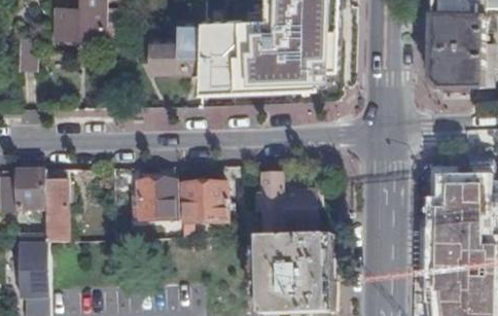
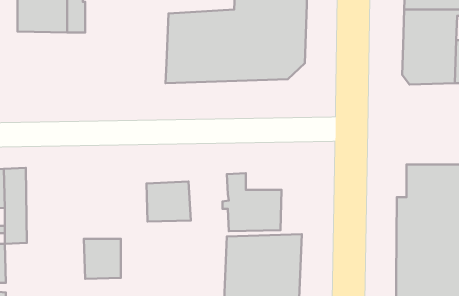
building: [153,20,205,72] -> none
building: [137,181,173,220] -> [84,239,121,279]

